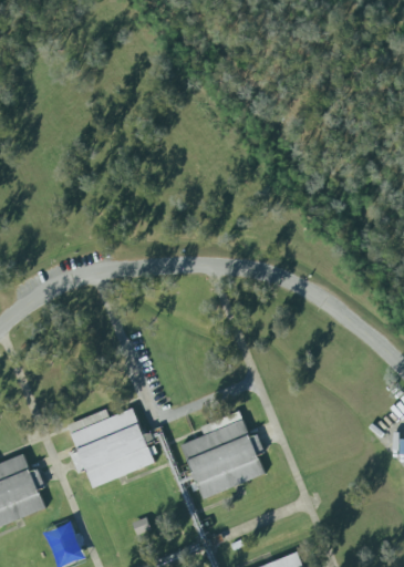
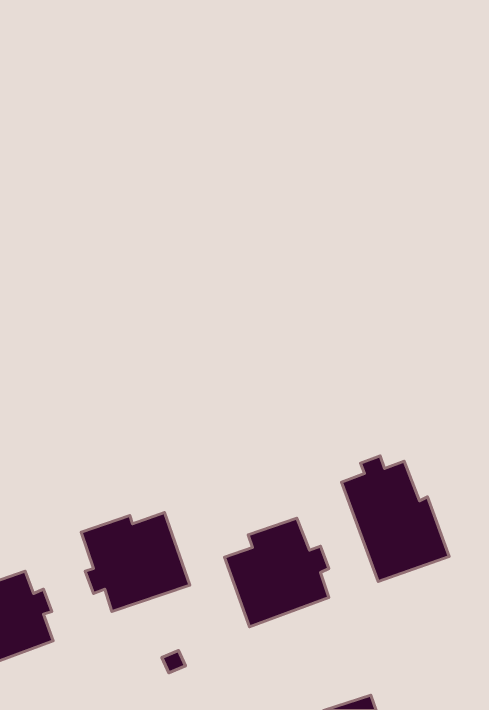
building: none -> [341,456,449,581]

